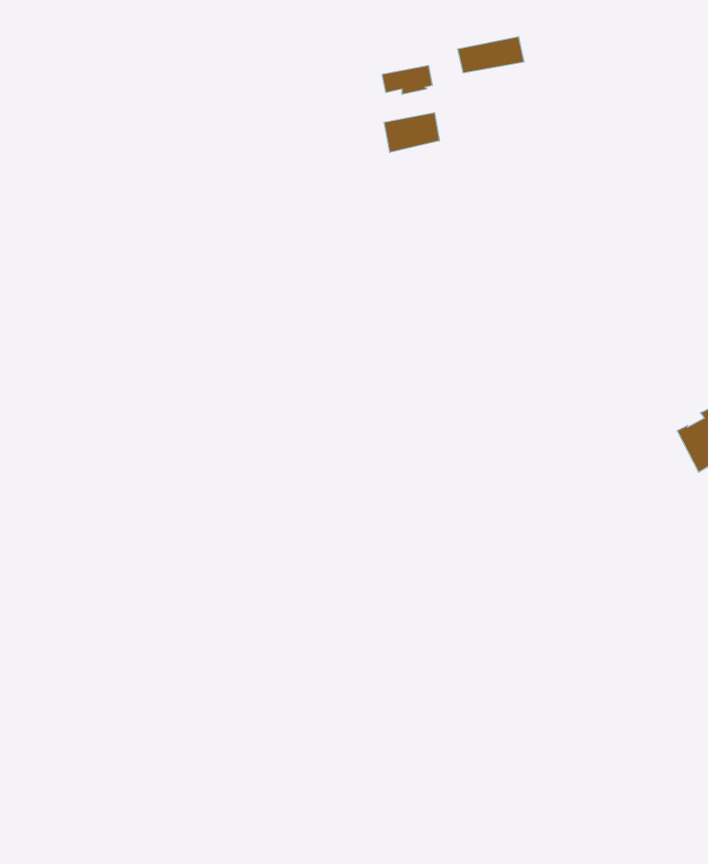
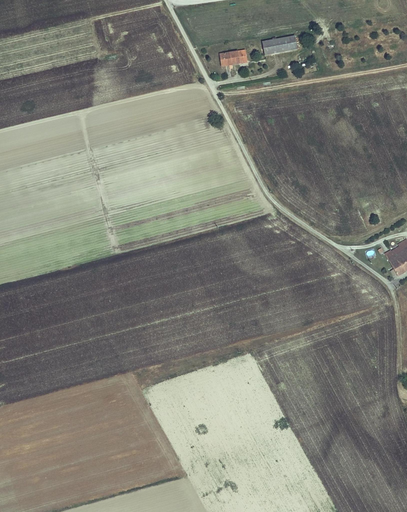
building: [384,113,439,153] -> none

